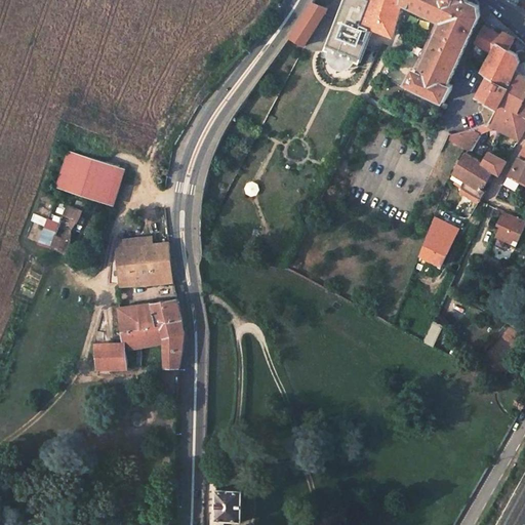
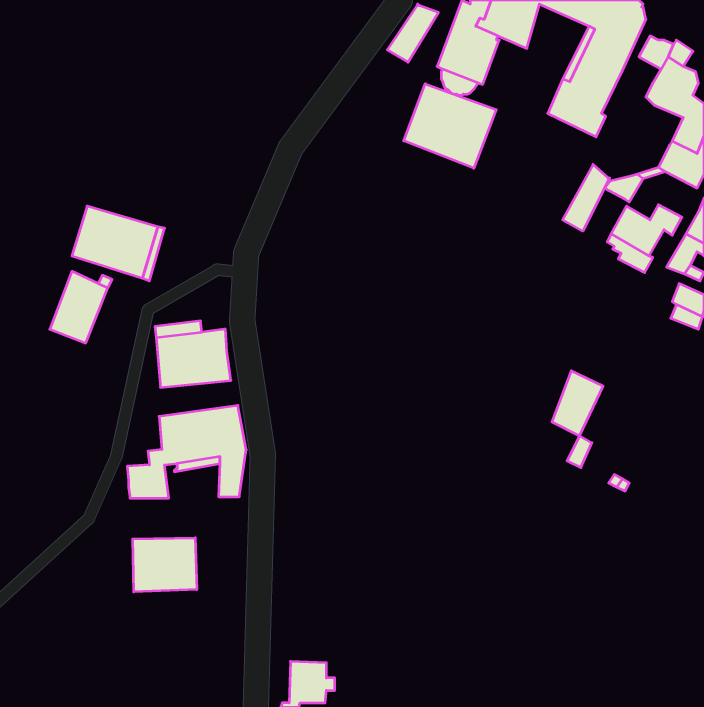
building: none -> [404,84,496,168]
building: [476,78,507,108] -> none
building: none -> [563,164,610,231]
building: [420,217,458,266] -> [552,371,603,436]
building: none -> [133,538,197,592]

